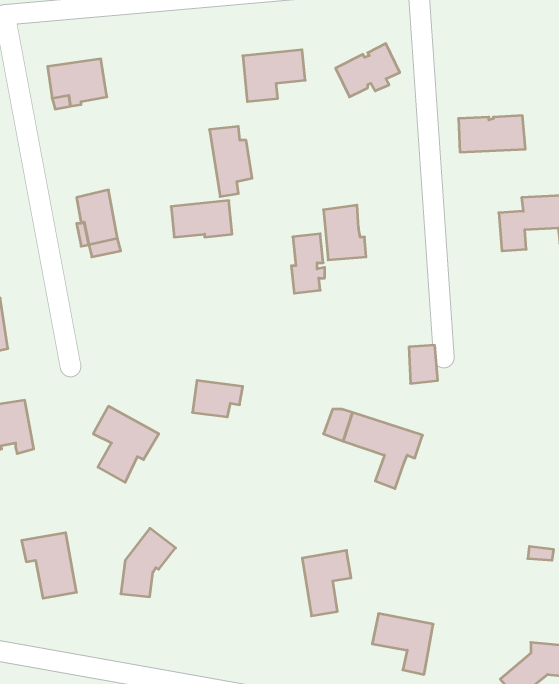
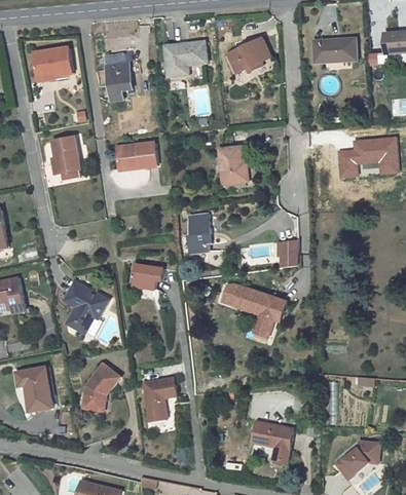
building: [458,116,525,152] -> [312,38,358,63]
building: [209,126,252,197] -> [104,53,133,101]
building: [291,234,325,293] -> [188,214,211,254]
building: [302,550,351,616] -> [143,377,176,421]

